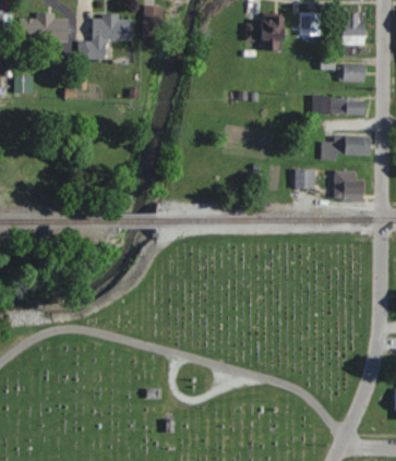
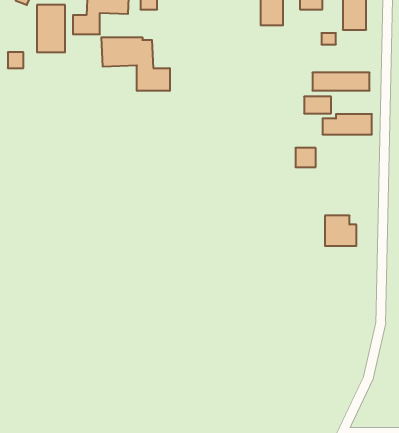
building: none -> [101,37,170,91]
building: [337,64,363,81] -> [304,97,331,113]
building: [333,171,363,201] -> [325,216,356,246]

